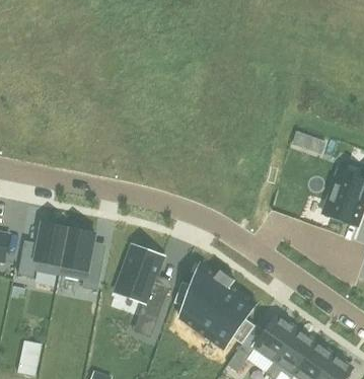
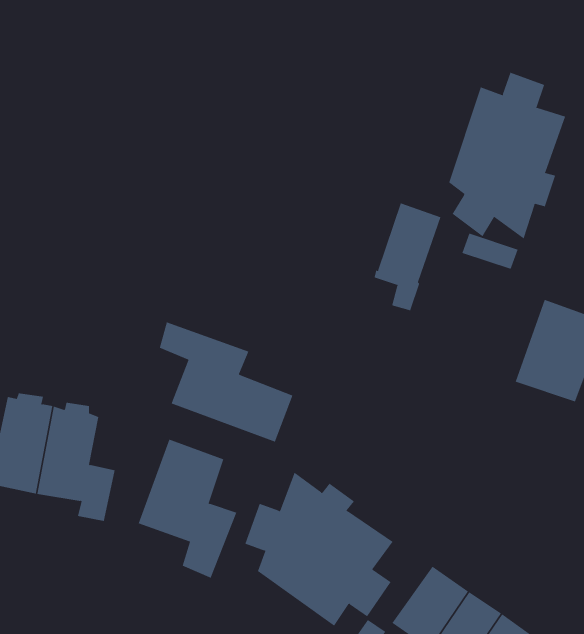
building: none -> [448,72,566,240]
building: none -> [374,202,441,311]
building: none -> [159,322,293,443]

